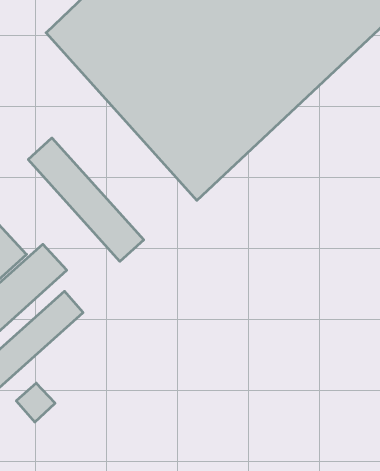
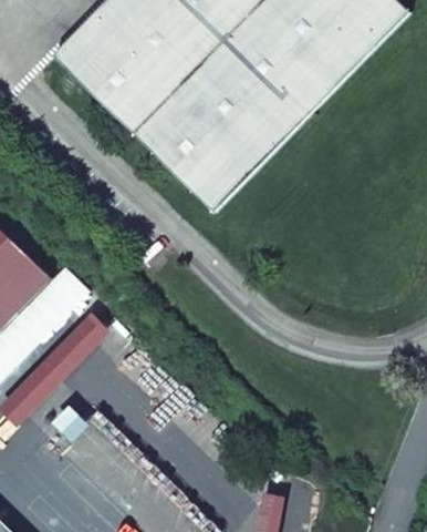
building: [28,138,144,261] -> none

